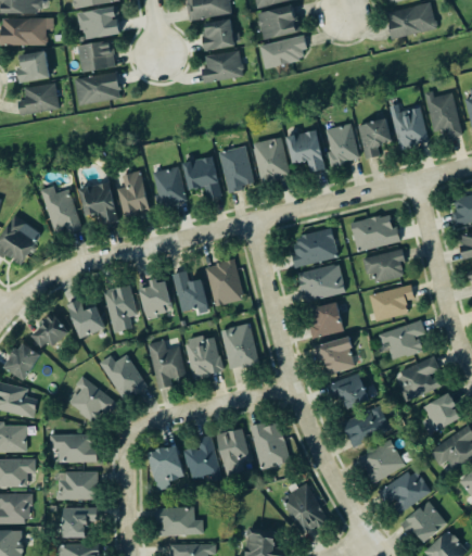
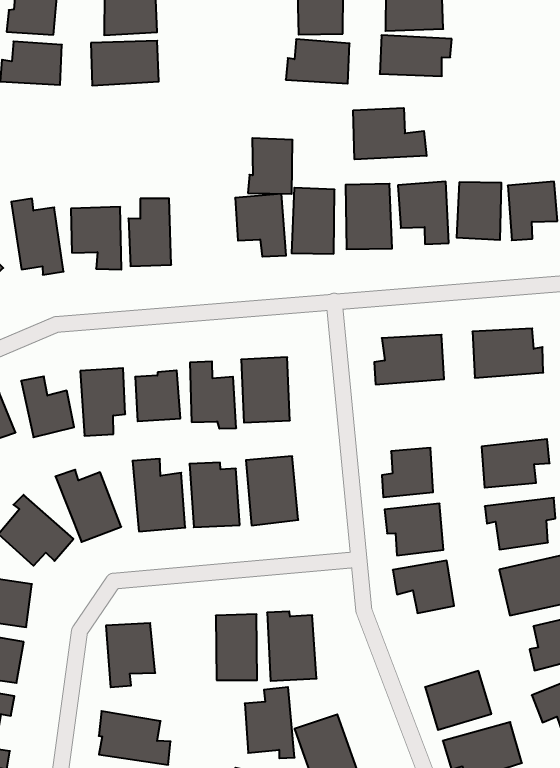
building: none -> [353,108,427,159]
building: [153,167,184,206] -> [248,138,293,194]
building: [362,251,404,282] -> none
building: [298,265,345,300] -> none
building: [342,407,390,446] -> none
building: [183,434,221,481] -> [245,687,295,758]

